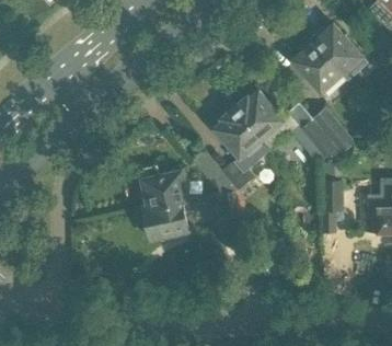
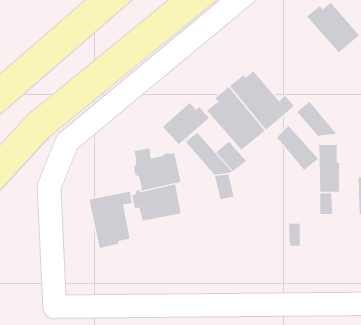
building: [292,39,342,94] -> none
building: [313,109,355,154] -> [276,125,319,171]
building: none -> [162,102,210,145]
building: none -> [88,191,133,249]

